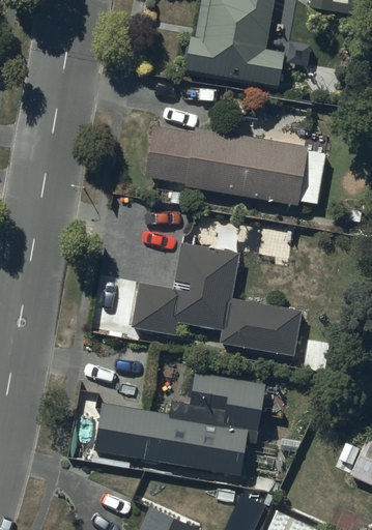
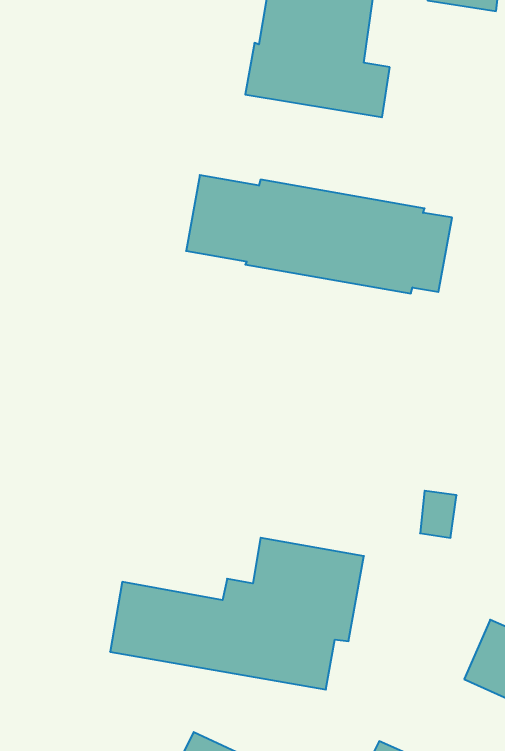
building: [132,242,301,354] -> none

